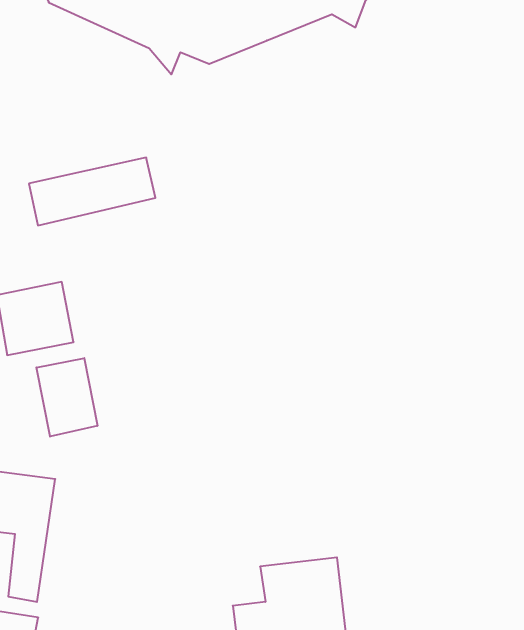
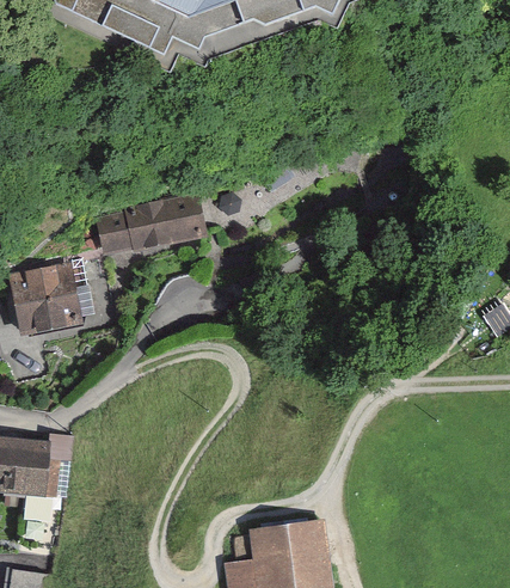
building: [29,158,155,225] -> [99,194,215,256]
building: [36,358,97,437] -> none

